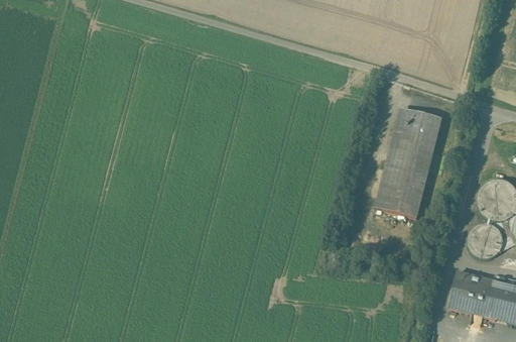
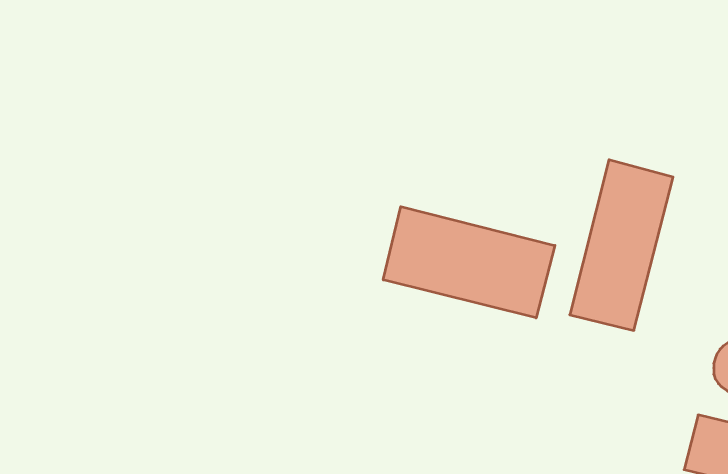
building: none -> [383,207,555,318]

